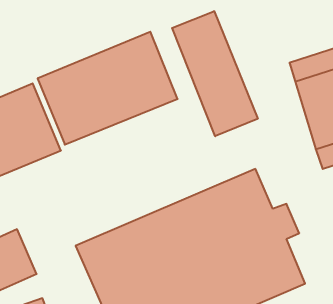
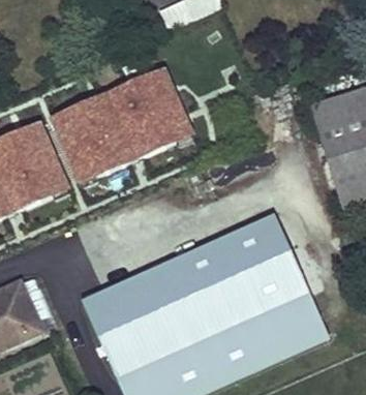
building: [172,11,258,136] -> none

